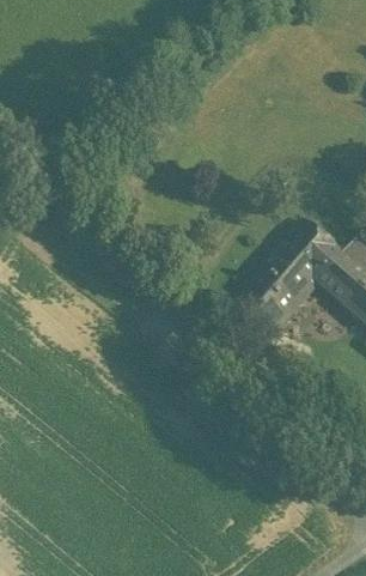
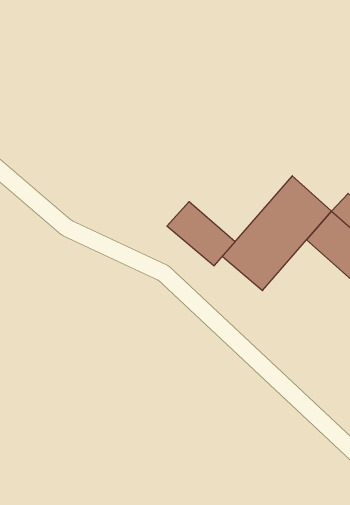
building: none -> [167,202,235,266]

